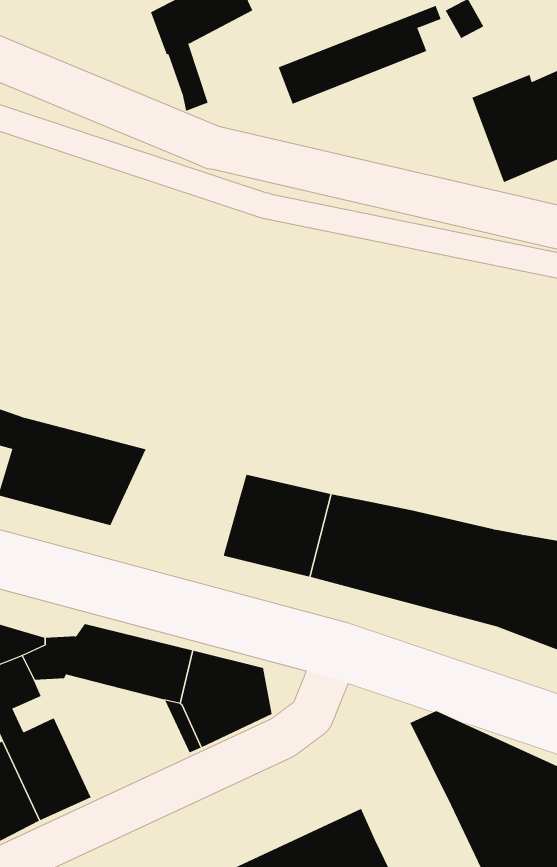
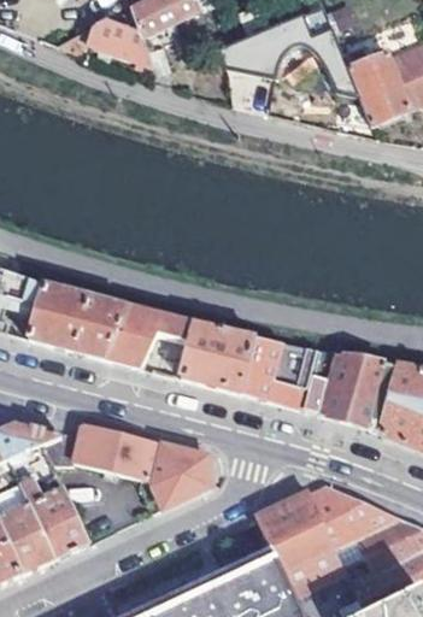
building: none -> [57,8,152,65]
building: none -> [104,305,195,366]
building: none -> [257,490,334,570]

